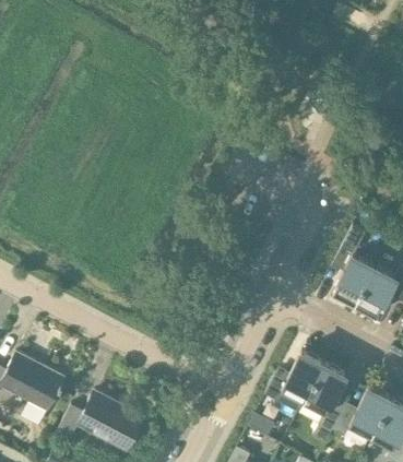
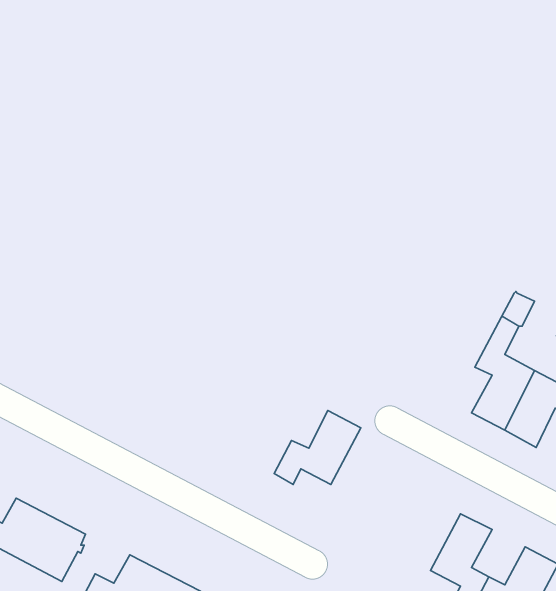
building: [266,352,327,403] -> [274,410,361,484]

